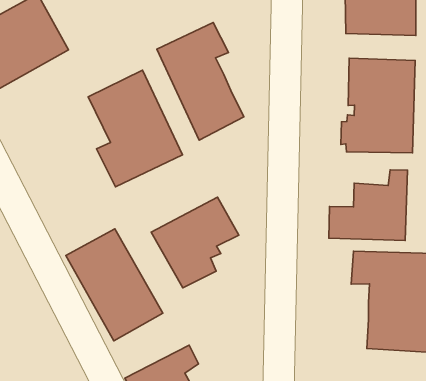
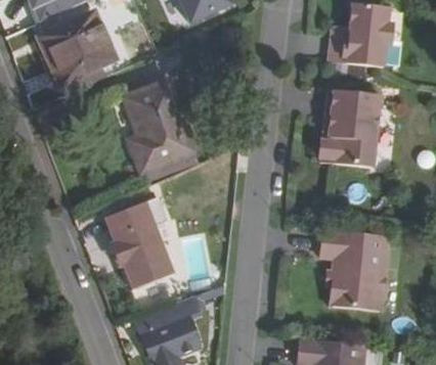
building: [157,22,244,140] -> none
building: [329,170,407,240] -> none
building: [151,197,239,288] -> none

